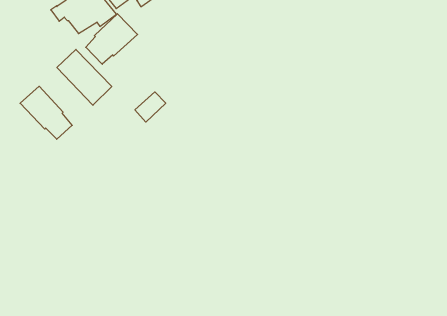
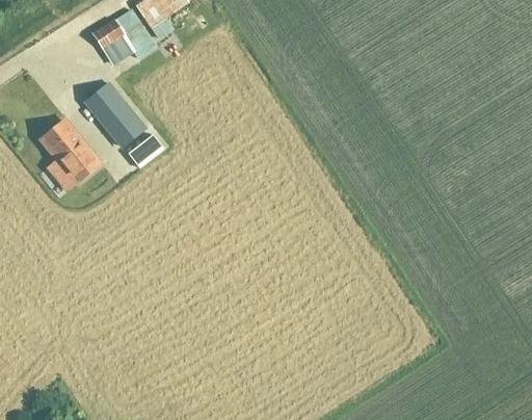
building: [86,14,138,64] -> none
building: [135,92,166,122] -> [127,135,162,168]

